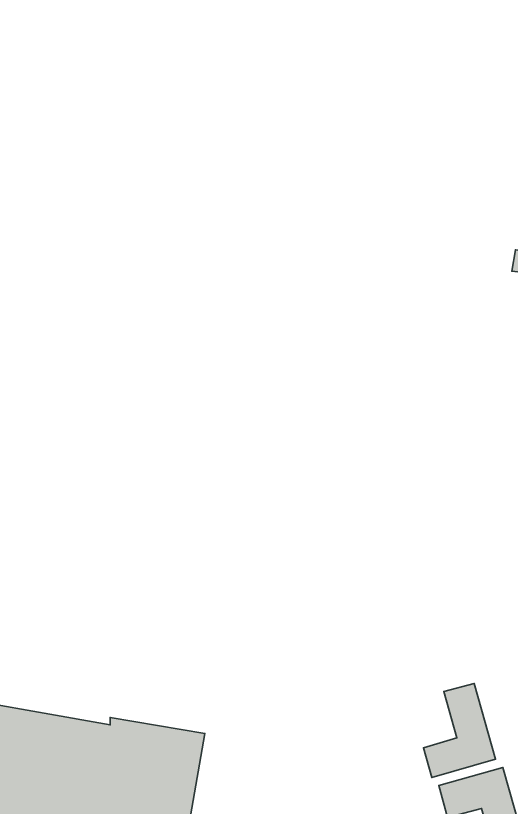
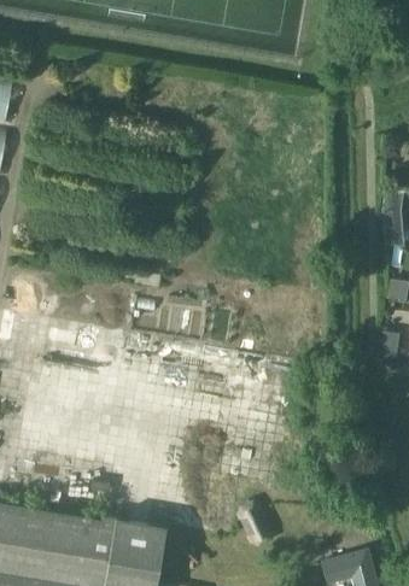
building: [423,683,496,778] -> none

